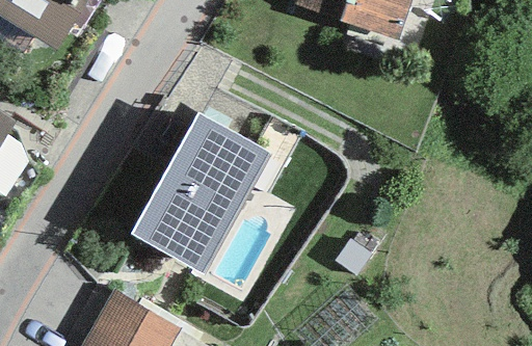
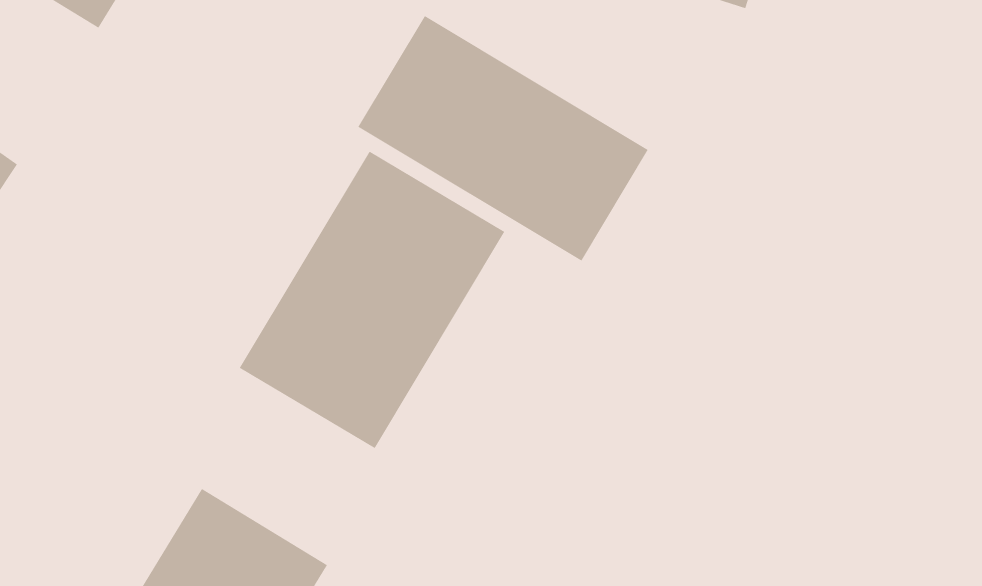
building: none -> [358,15,649,261]

